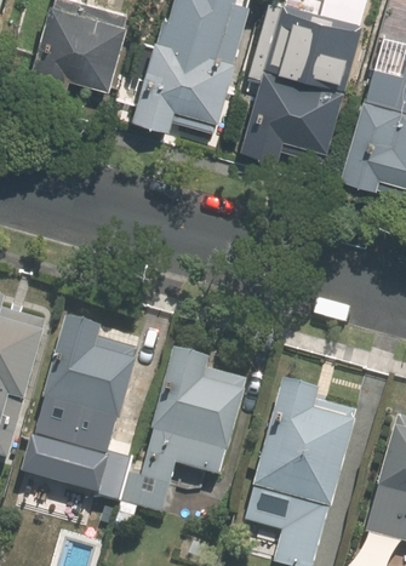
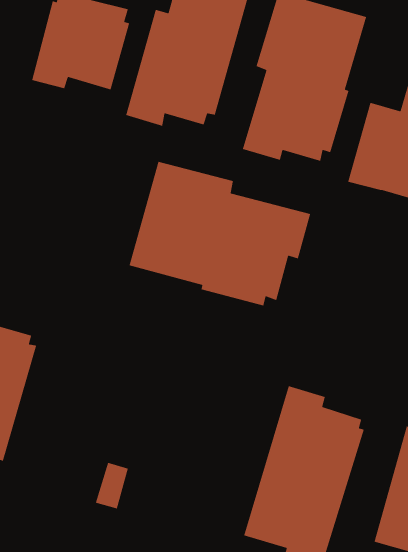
building: none -> [128,161,311,306]
building: [27,318,137,470] -> none
building: [122,349,255,514] -> none

